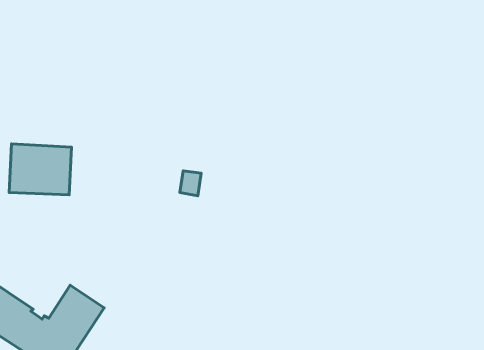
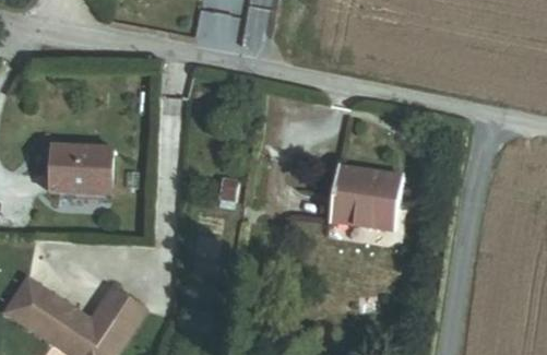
building: none -> [341,170,414,230]

